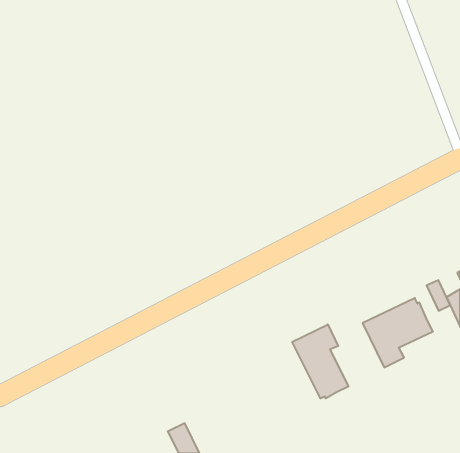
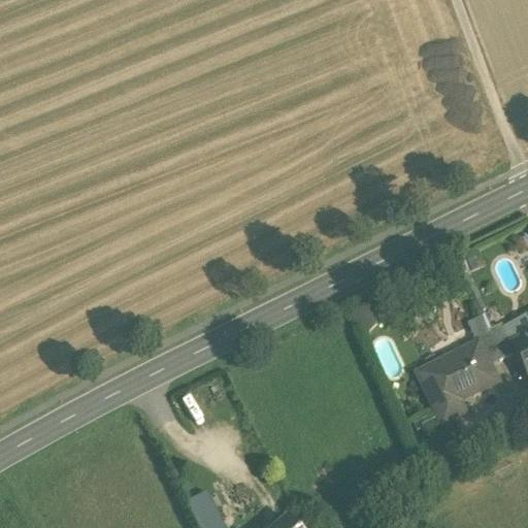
building: none -> [471,327,501,363]
building: [292,324,348,398] -> none

